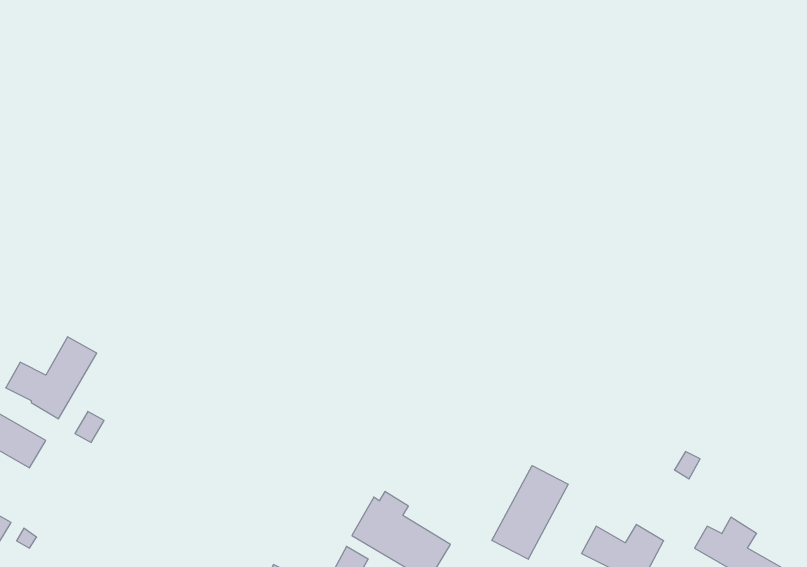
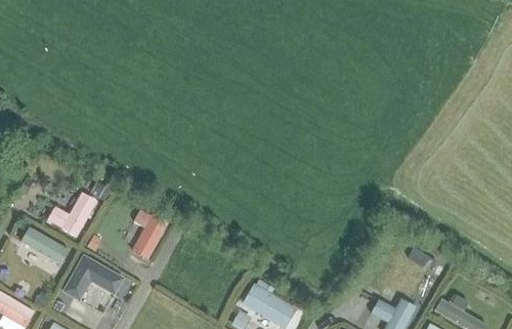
building: none -> [132,209,169,259]
building: none -> [65,256,123,299]
building: [492,466,568,559] -> none

